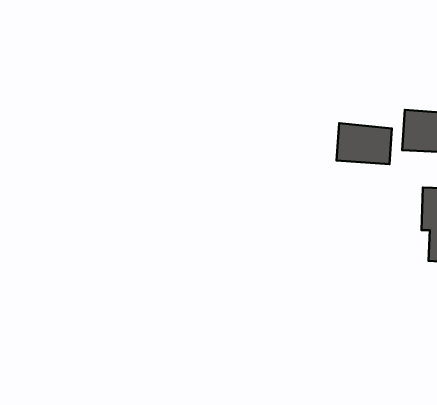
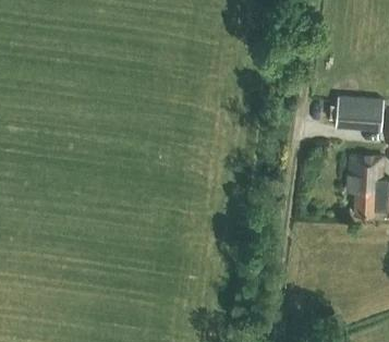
building: [336,123,392,164] -> none

